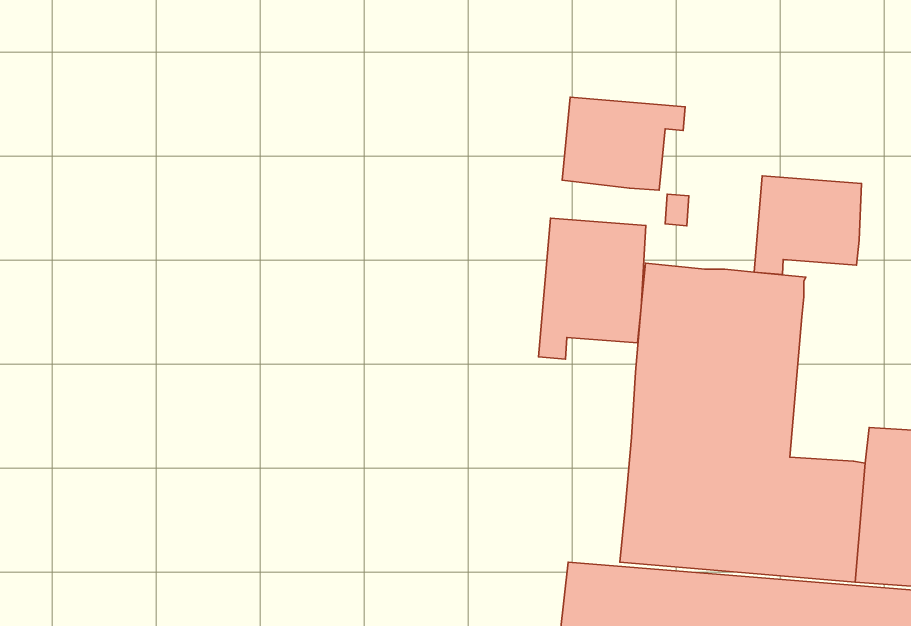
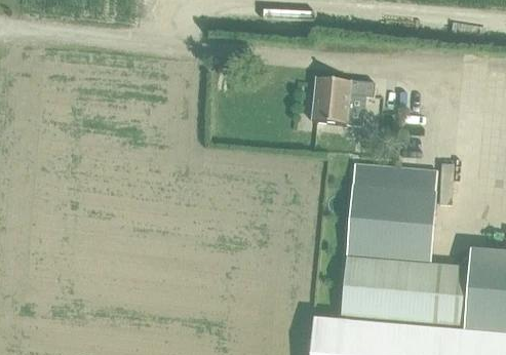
building: [754,176,861,275] -> none
building: [538,218,646,359] -> none

